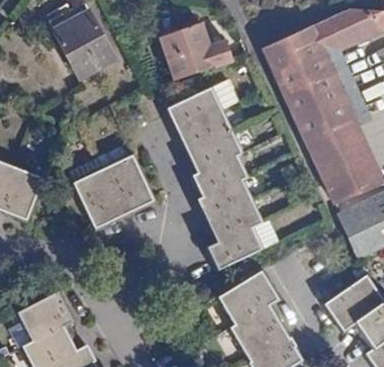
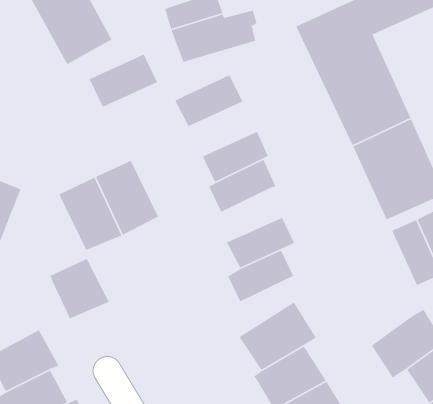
building: [178,109,233,153] -> [89,53,158,108]
building: [199,179,254,221] -> none
building: none -> [50,258,110,319]

